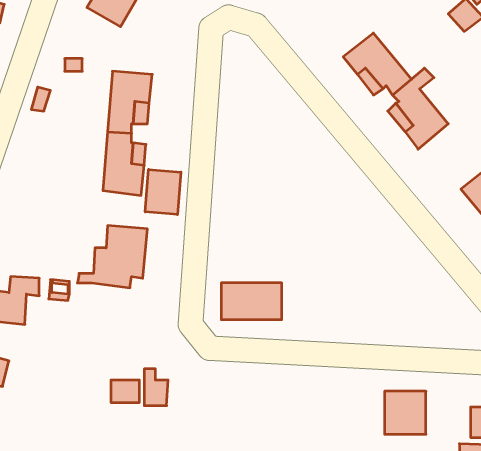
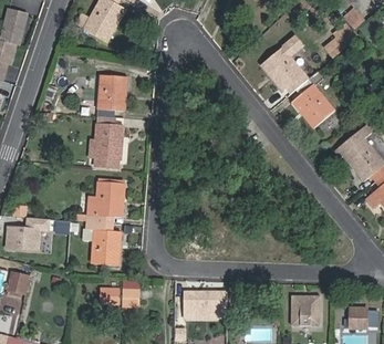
building: [145,169,181,215] -> none
building: [221,283,282,320] -> [185,292,227,317]
building: none -> [82,220,121,264]

